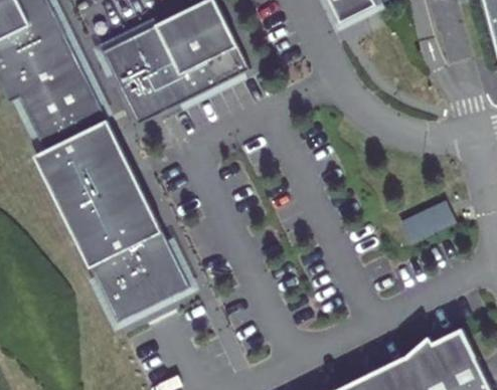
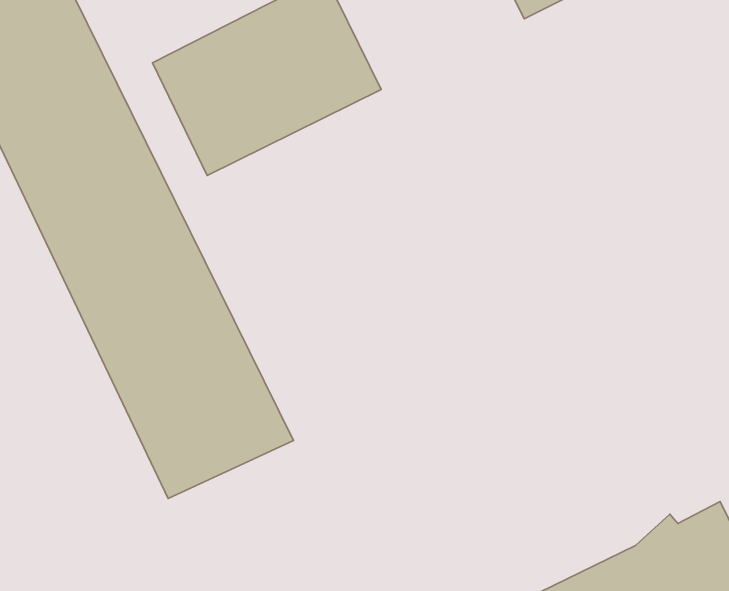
building: [401,199,459,245] -> none

